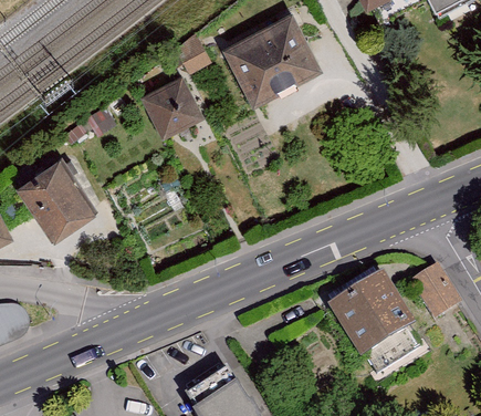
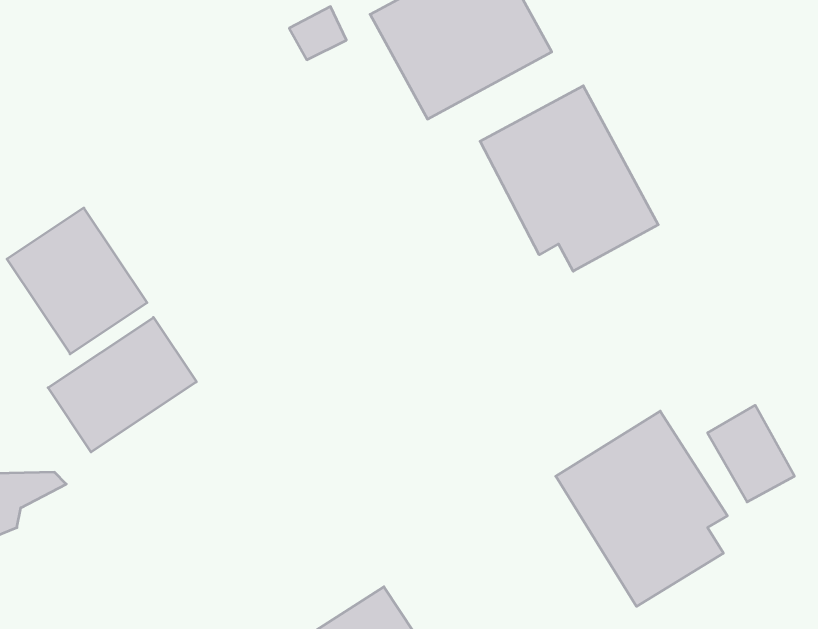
building: [138,77,201,141] -> none
building: none -> [480,86,658,271]
building: none -> [48,317,196,452]

